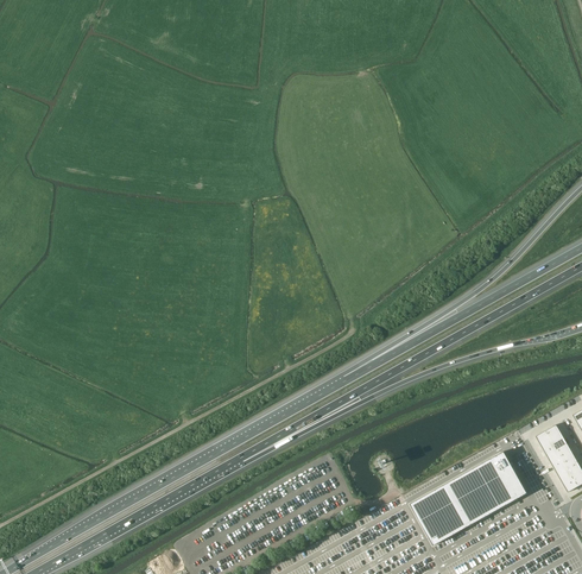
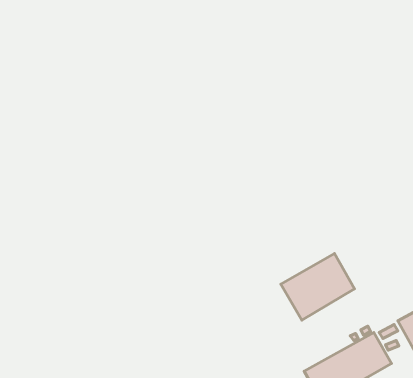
building: none -> [281,253,355,320]

